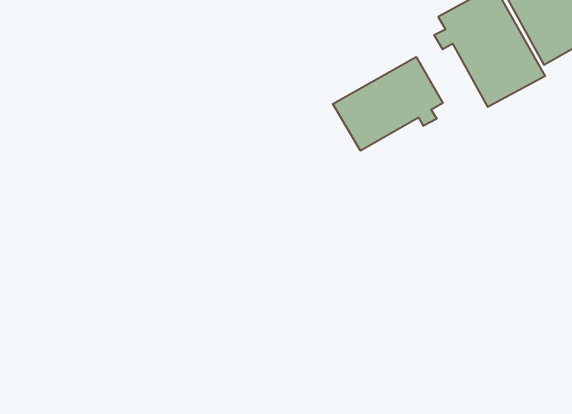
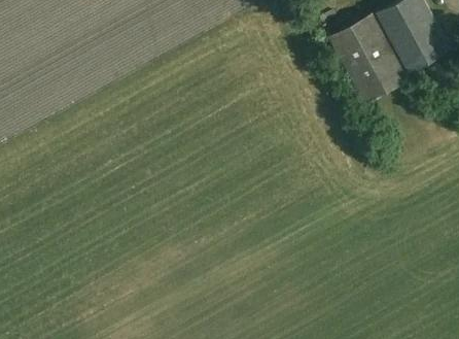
building: [333,57,443,151] -> none

